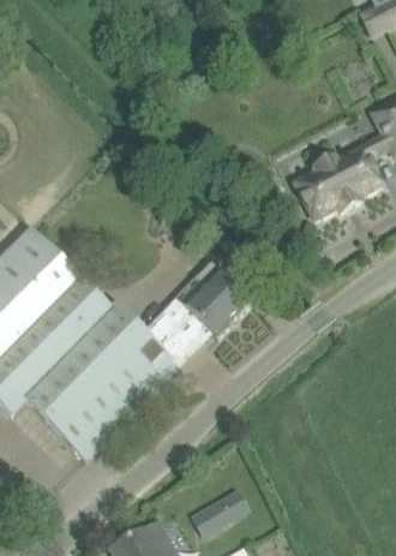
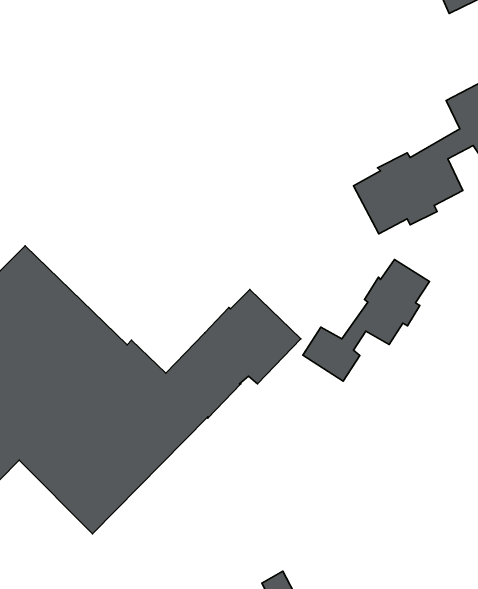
building: none -> [303,259,429,381]

